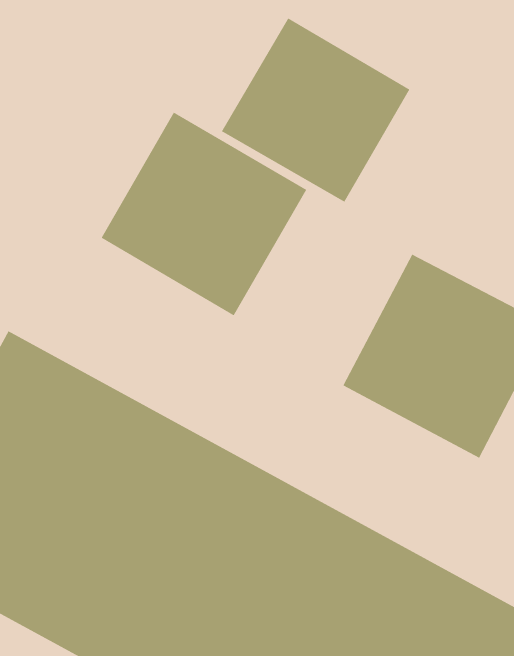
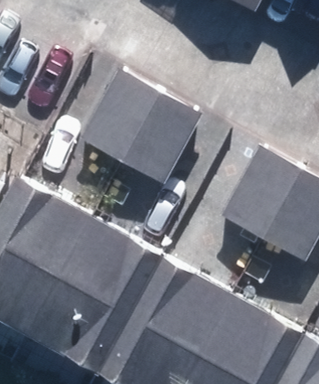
building: [221,17,410,202] -> none

